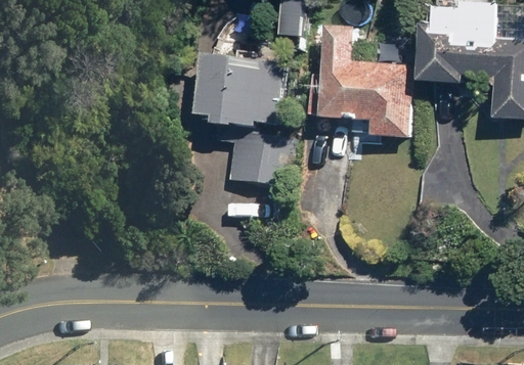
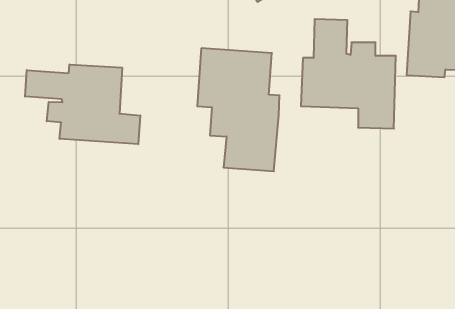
building: none -> [25,64,140,144]

